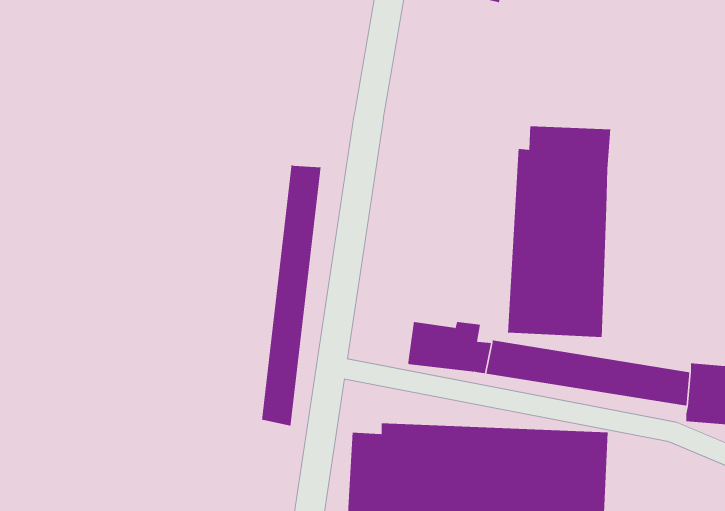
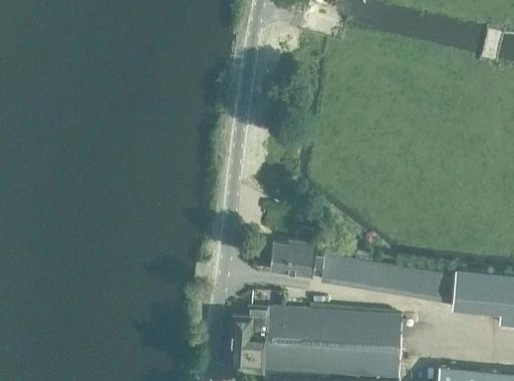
building: [507,125,611,338] -> none
building: [262,164,321,426] -> none

